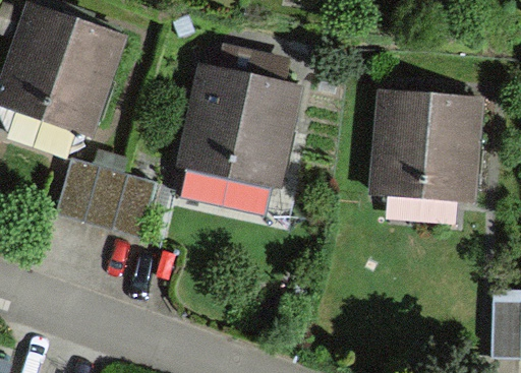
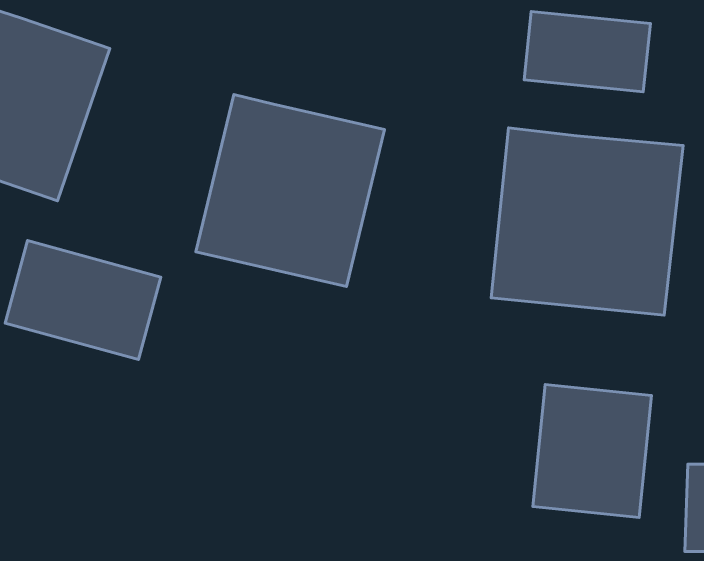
building: none -> [524,12,650,92]
building: none -> [533,385,652,517]

